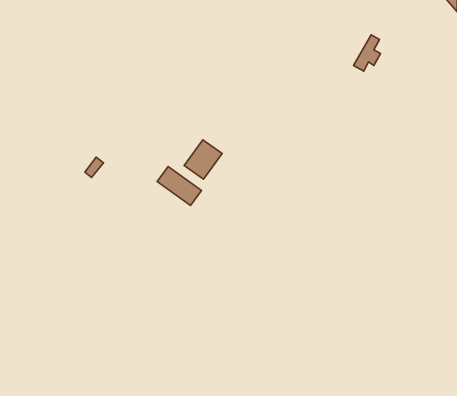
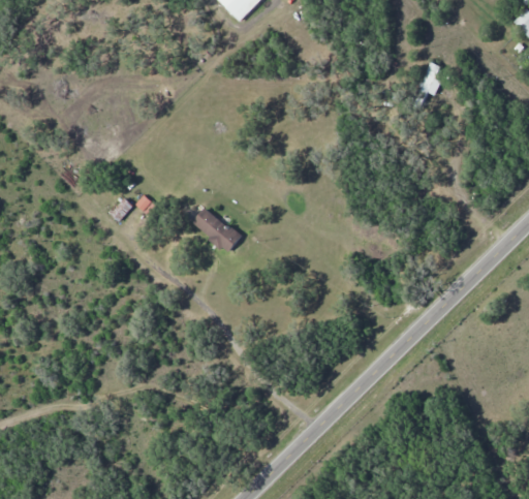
building: [184,140,222,179] -> none

